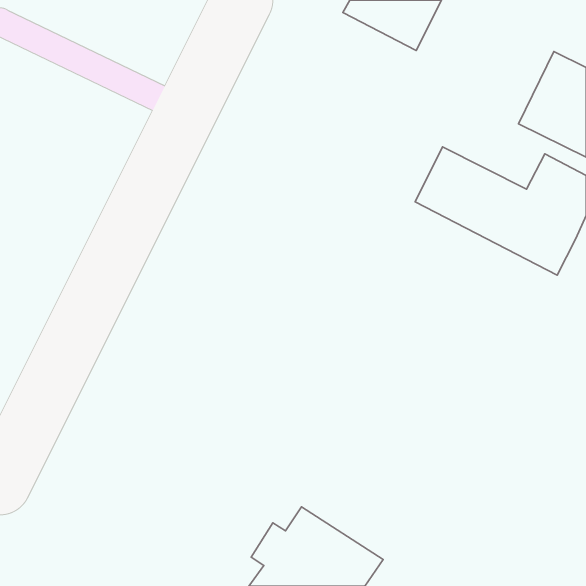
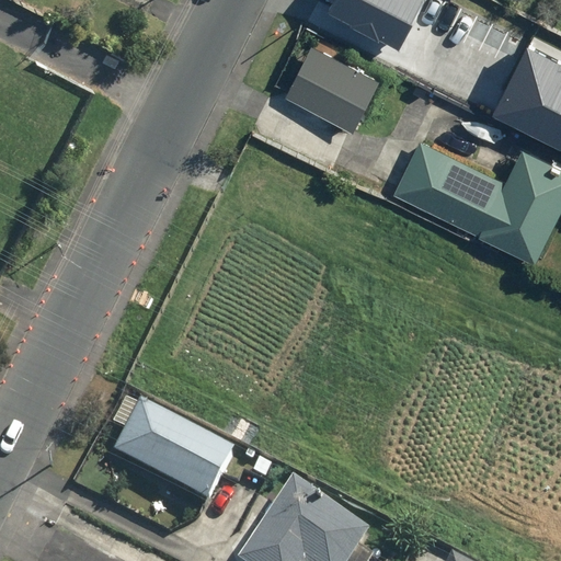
building: none -> [284,39,383,133]
building: none -> [110,404,231,505]

